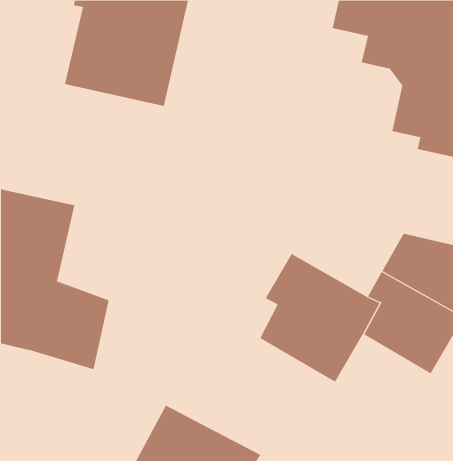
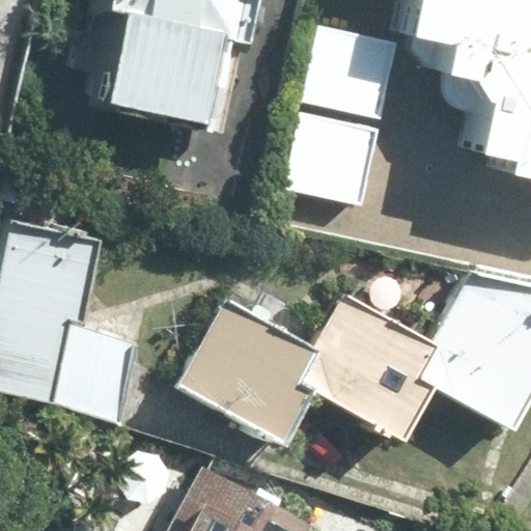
building: none -> [282,22,401,206]
building: none -> [174,294,328,446]

